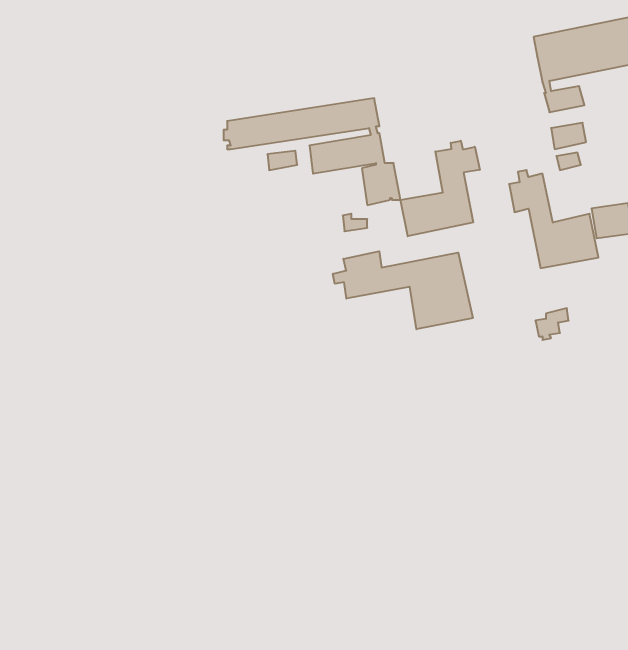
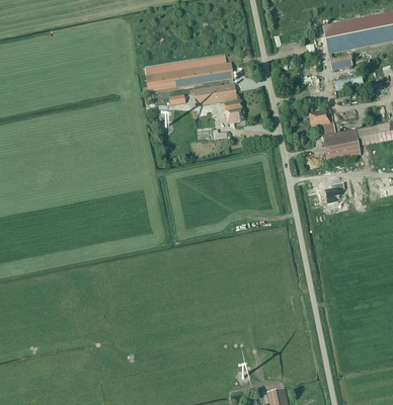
building: [401,141,480,236] -> none
building: [333,251,473,329] -> none

